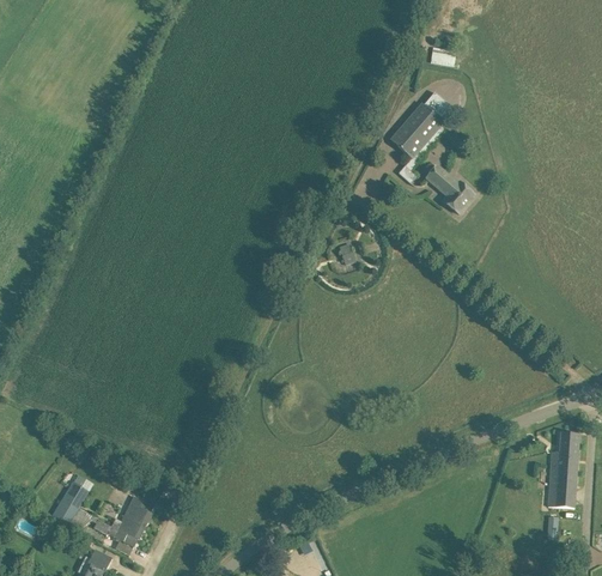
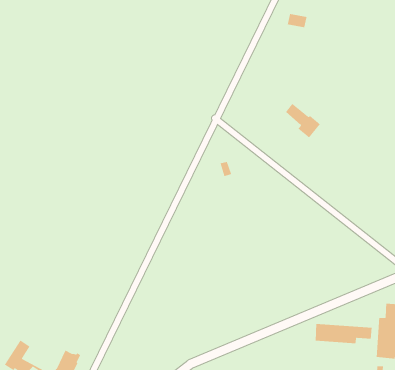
building: [390,92,452,159] -> none
building: none -> [315,323,372,344]

